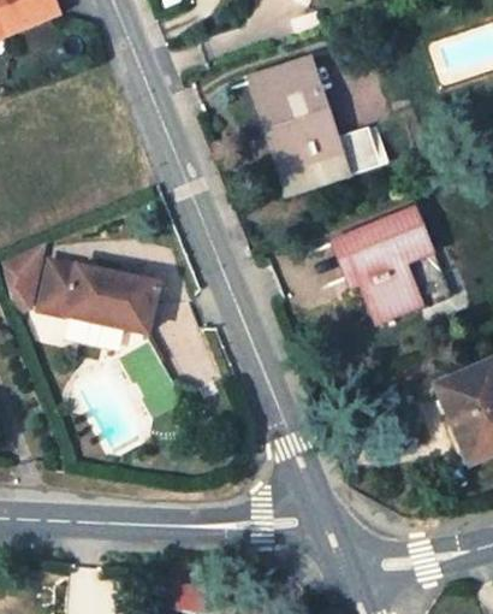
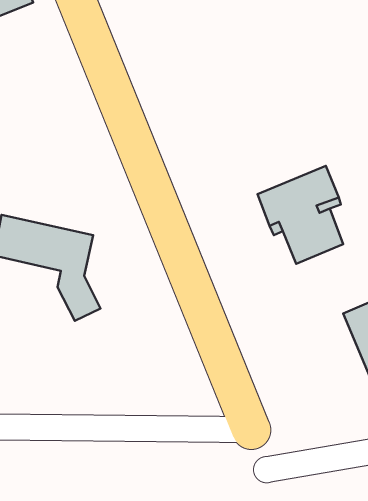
building: [253,58,380,190] -> none

